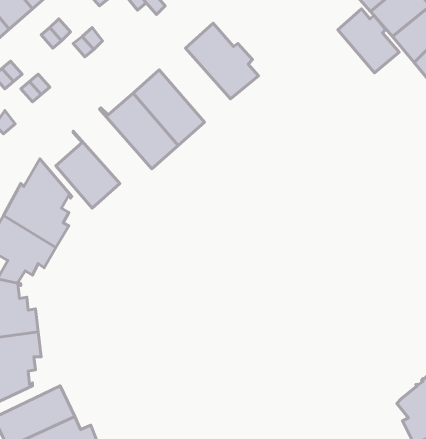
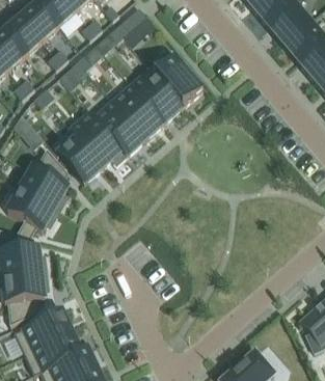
building: [338,9,399,73] -> none
building: none -> [132,69,183,121]
building: none -> [71,112,127,165]

